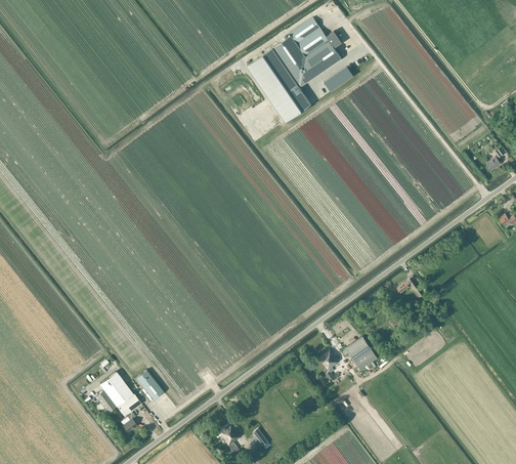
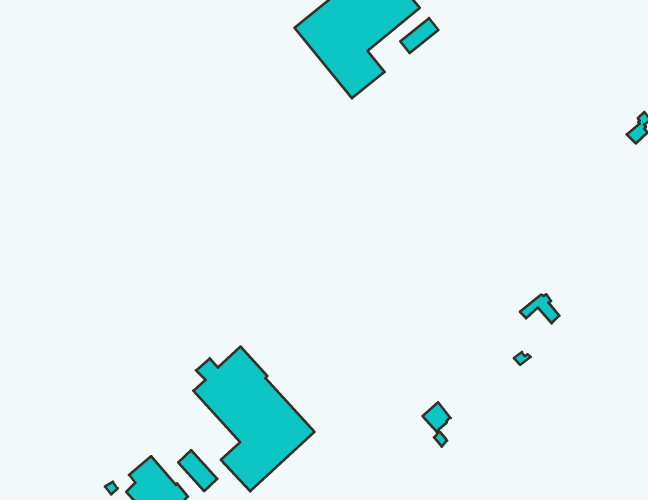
building: none -> [193,347,314,491]
building: [345,336,378,370] -> none

